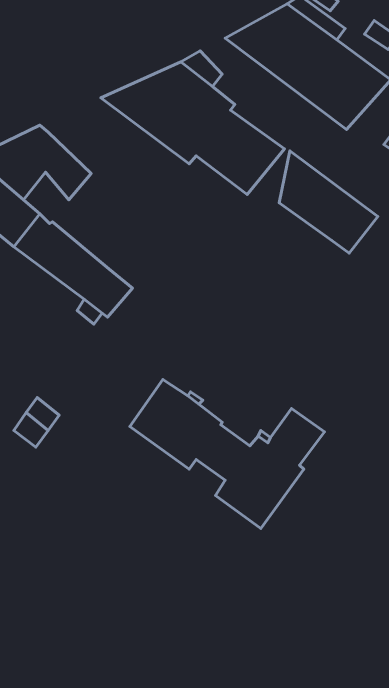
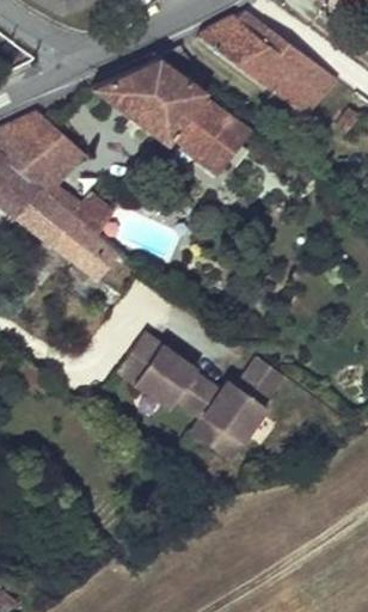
building: [279,151,378,253] -> none
building: none -> [24,152,114,235]

